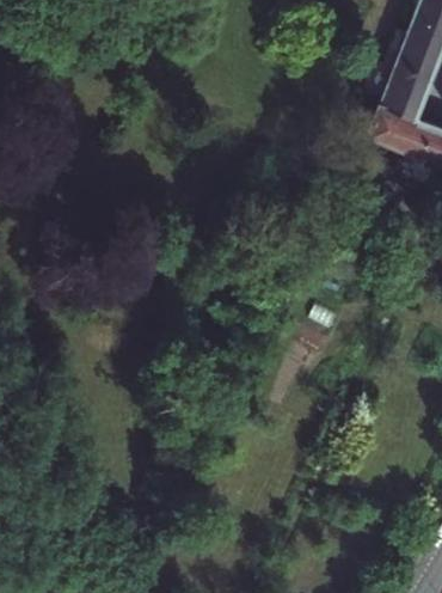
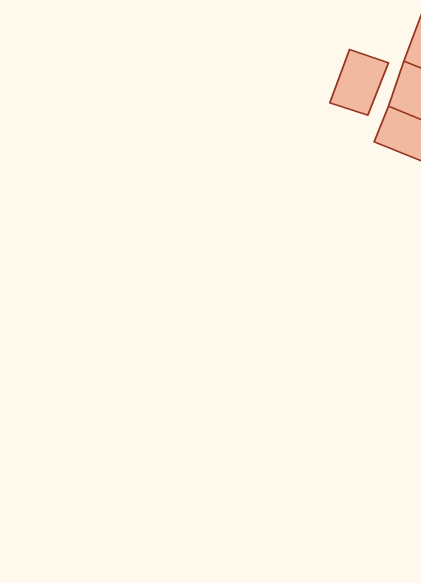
building: none -> [330,49,389,115]

